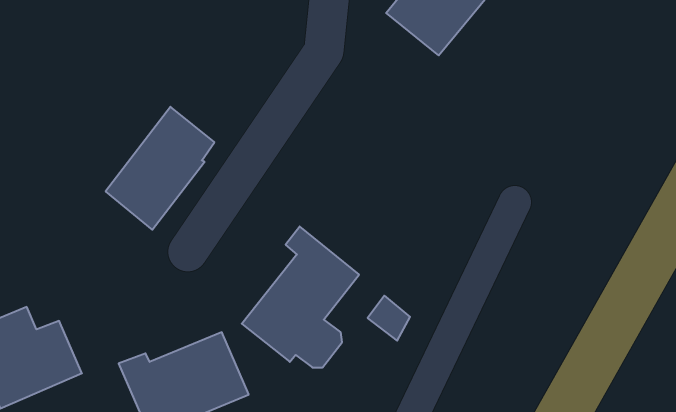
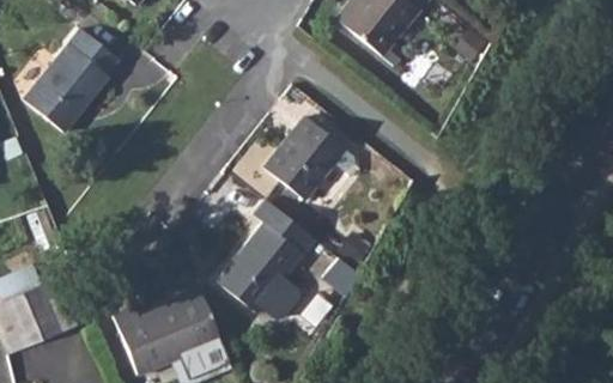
building: [106,107,214,230] -> [25,26,117,130]
building: none -> [265,116,345,200]

